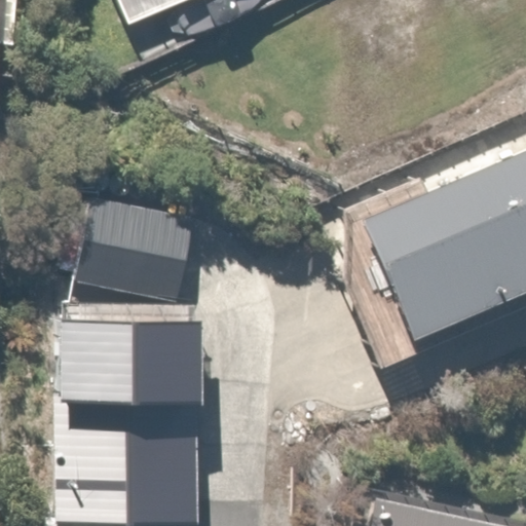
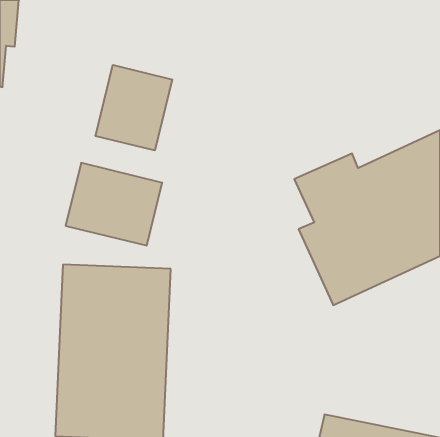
building: none -> [96,65,172,150]

